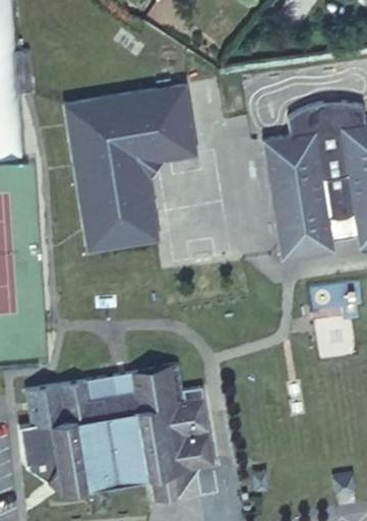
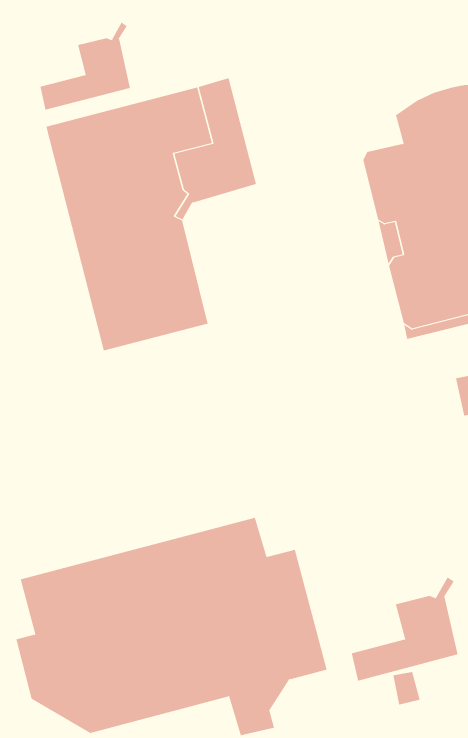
building: none -> [40,22,130,110]
building: none -> [351,577,458,681]

